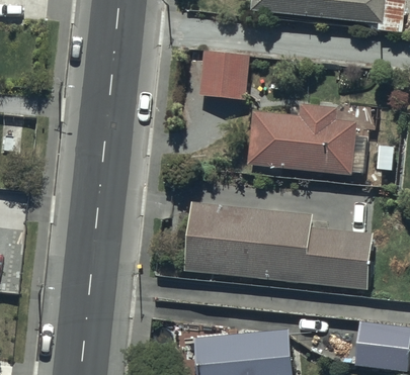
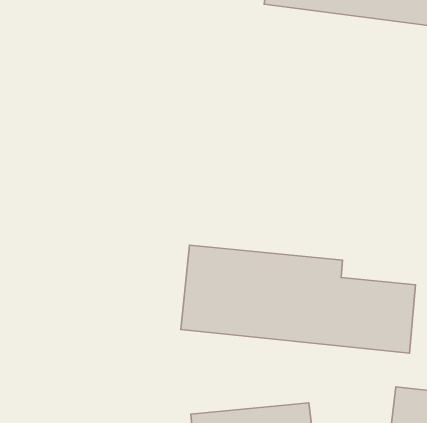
building: [201,49,252,95] -> none
building: [250,105,362,177] -> none

